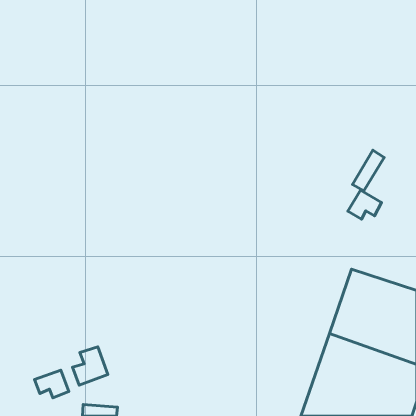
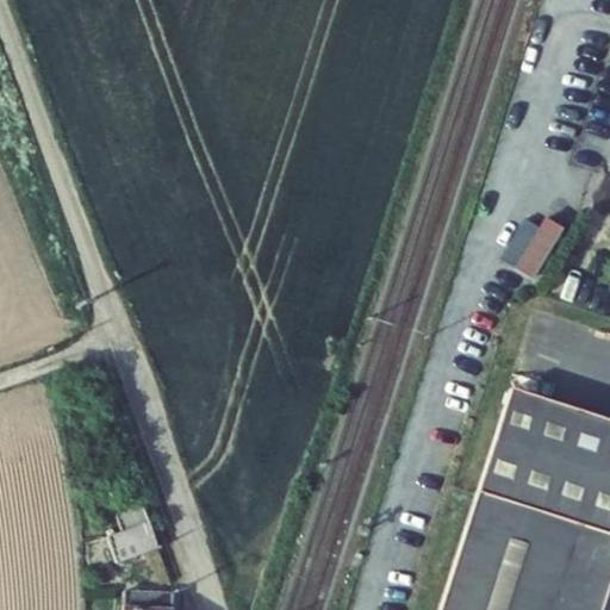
building: [348,190,382,219] -> none
building: [35,370,69,398] -> none

